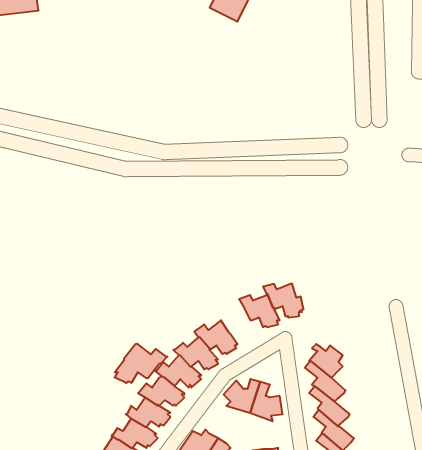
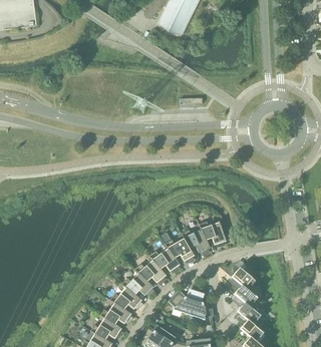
building: none -> [165,237,195,261]
building: [115,344,167,383] -> none

